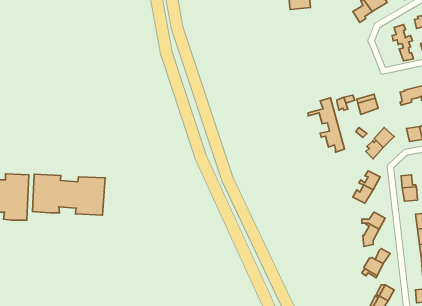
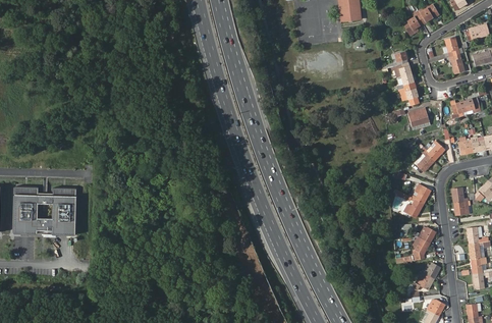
building: [308,98,345,152] -> [382,51,419,106]
building: [33,174,105,215] -> none

